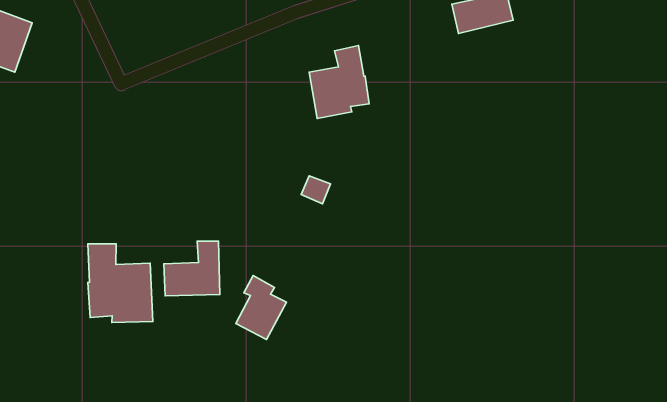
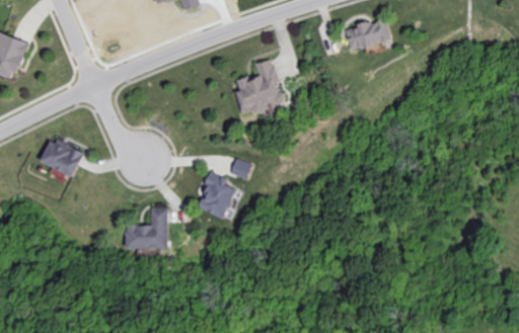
building: none -> [39,138,82,176]
building: [88,244,153,323] -> none
building: [236,276,286,339] -> [198,170,236,219]

